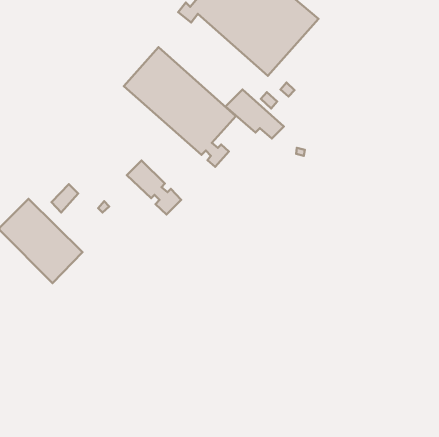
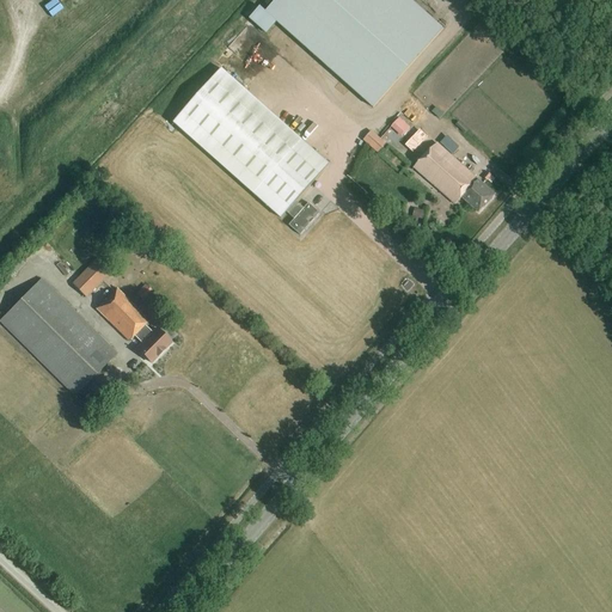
building: [225,89,284,138] -> [412,141,494,209]
building: [127,160,181,215] -> [94,286,170,361]

